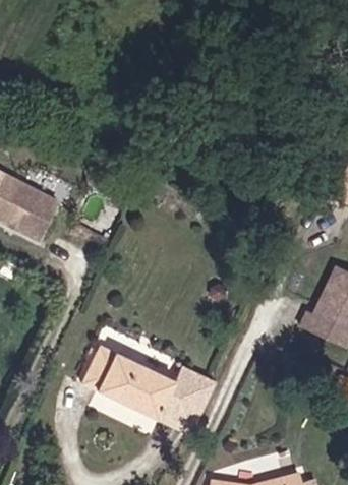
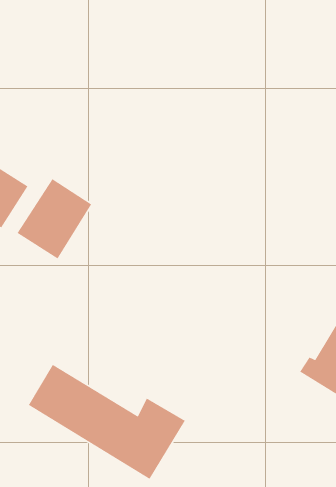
building: none -> [16,178,92,260]

